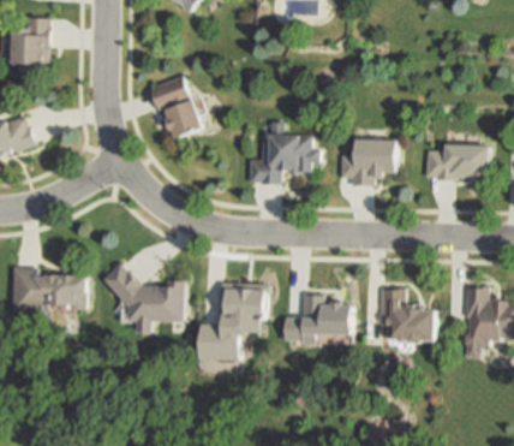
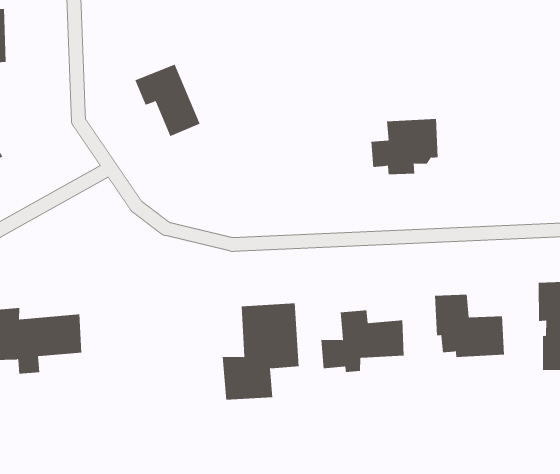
building: [249,123,321,183] -> none
building: [426,145,489,182] -> none
building: [104,263,184,332] -> none

